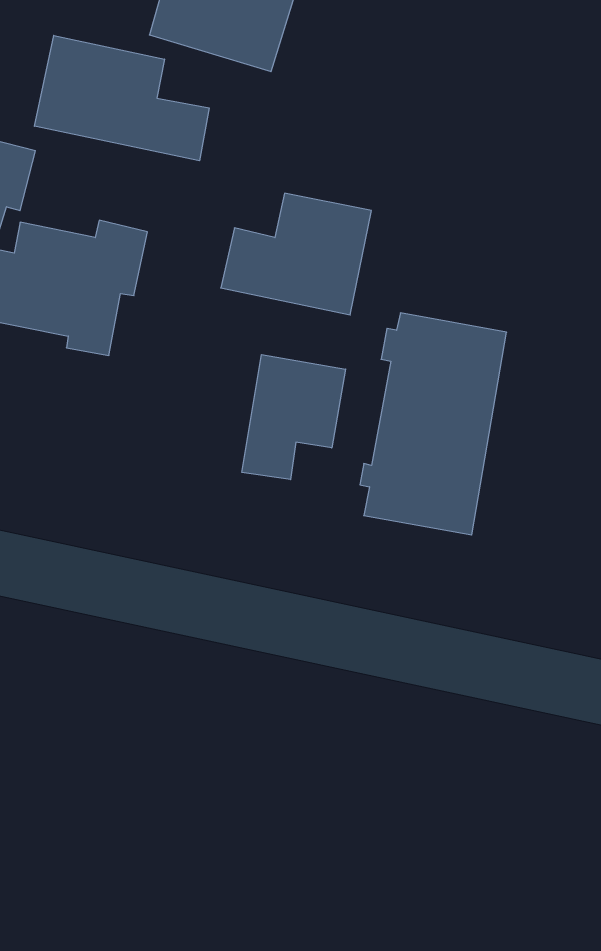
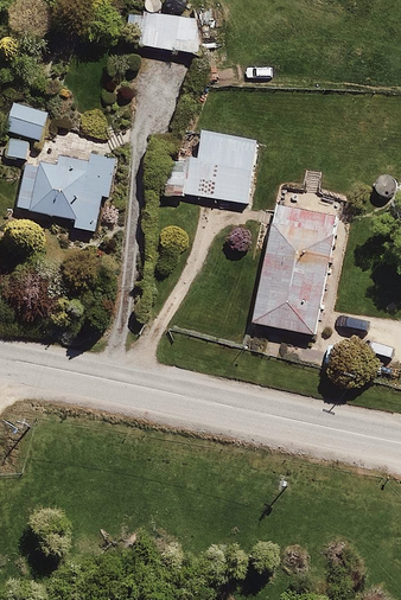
building: [34,35,209,161] -> none
building: [242,355,346,480] -> none

